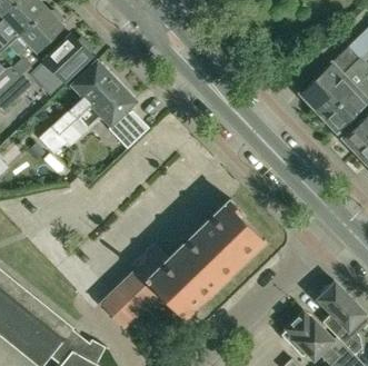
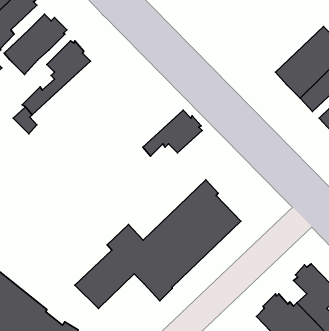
building: [77,82,136,128] -> [143,110,202,156]
building: [112,112,148,148] -> none

